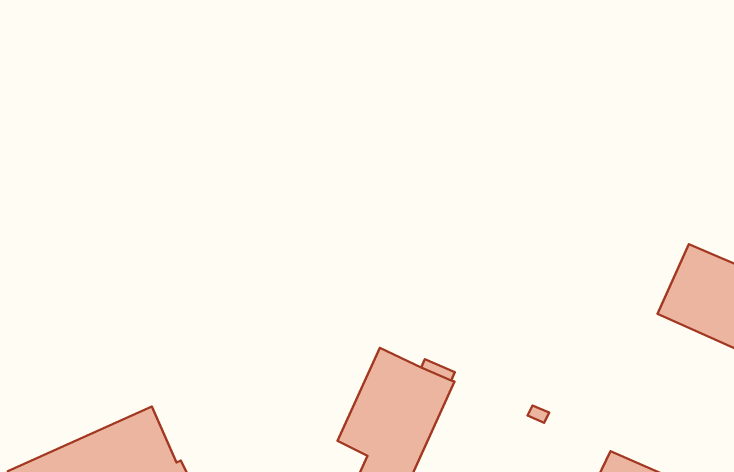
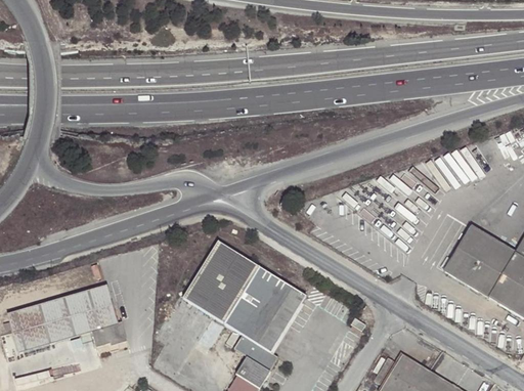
building: none -> [182,242,260,324]

